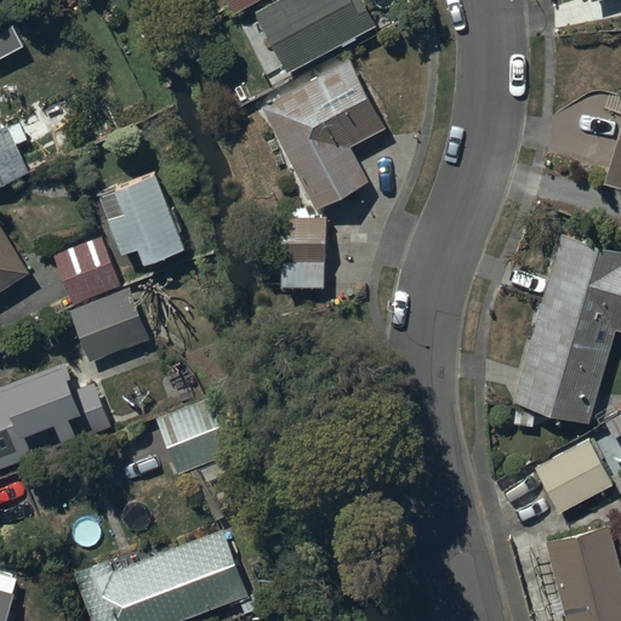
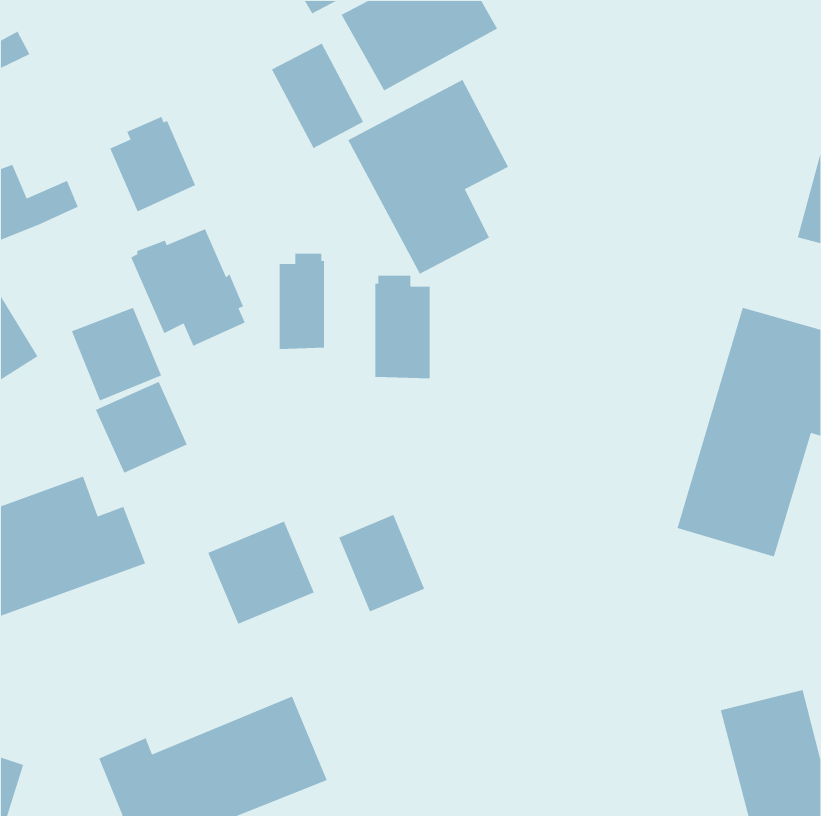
building: none -> [271,42,364,149]
building: none -> [109,116,196,212]
building: none -> [279,253,325,350]
building: none -> [338,514,425,612]
building: [500,441,613,515] -> none

